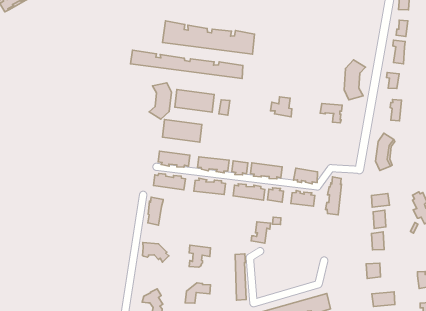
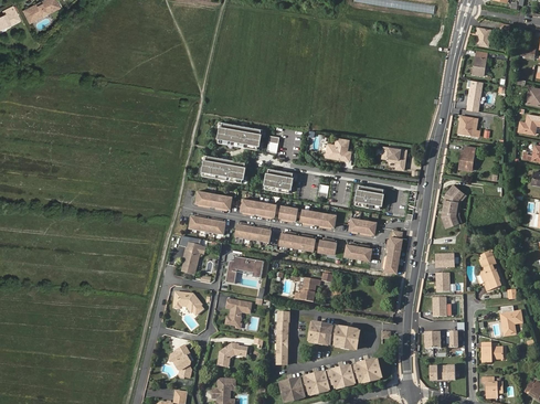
building: [163,21,255,54] -> none
building: [131,50,243,78] -> none
building: [344,60,366,100] -> none
building: [149,83,171,119] -> none
building: none -> [263,167,295,193]
building: none -> [354,184,385,210]
building: none -> [224,255,262,283]
building: none -> [308,321,359,348]

